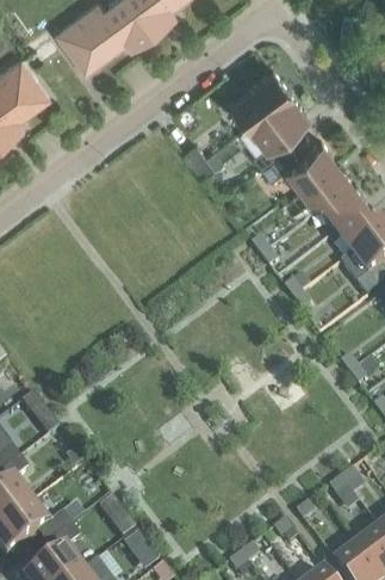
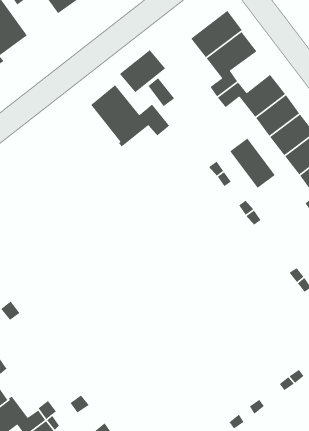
building: none -> [119,49,166,93]
building: none -> [90,84,170,147]
building: none -> [229,138,276,189]

